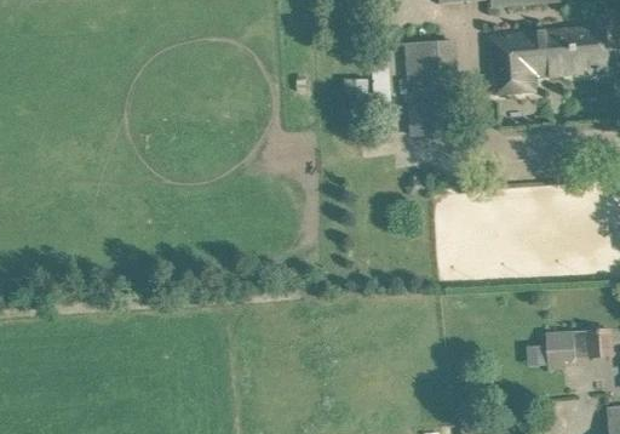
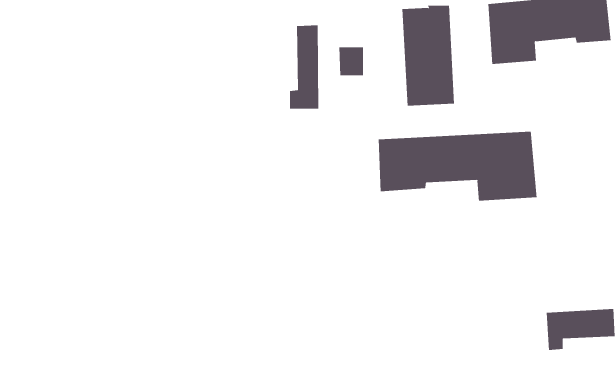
building: none -> [289,25,319,109]
building: none -> [378,131,537,202]

